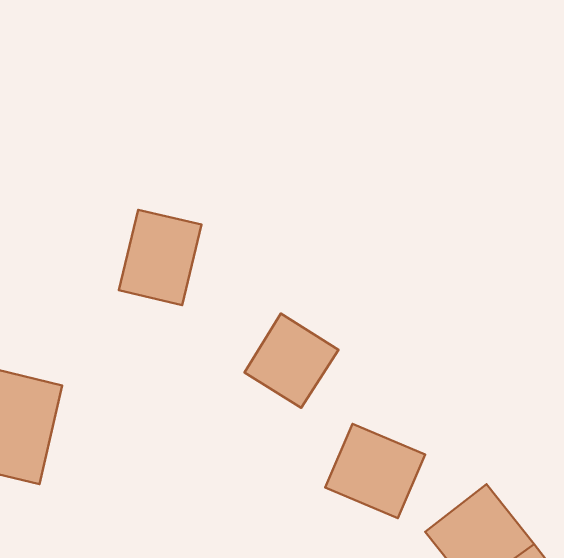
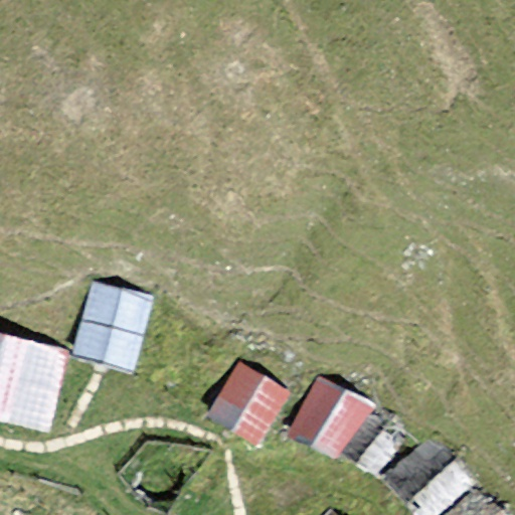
building: [119,210,202,305] -> [74,283,148,367]
building: [244,314,339,408] -> [207,360,291,444]

